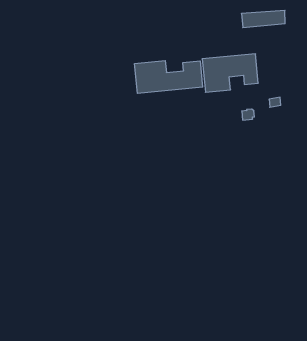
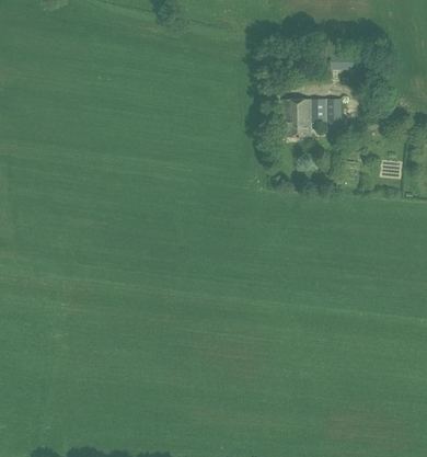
building: [135,61,203,93] -> none

